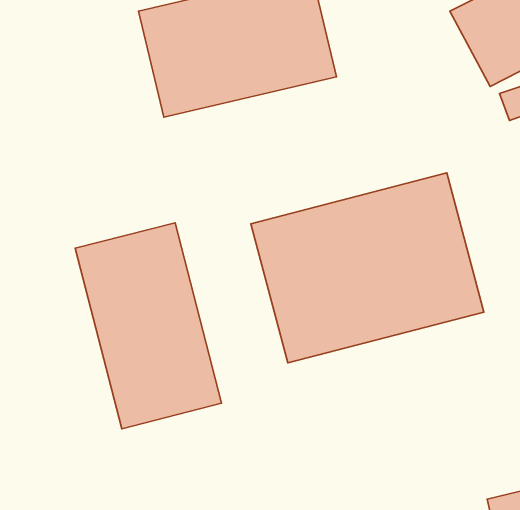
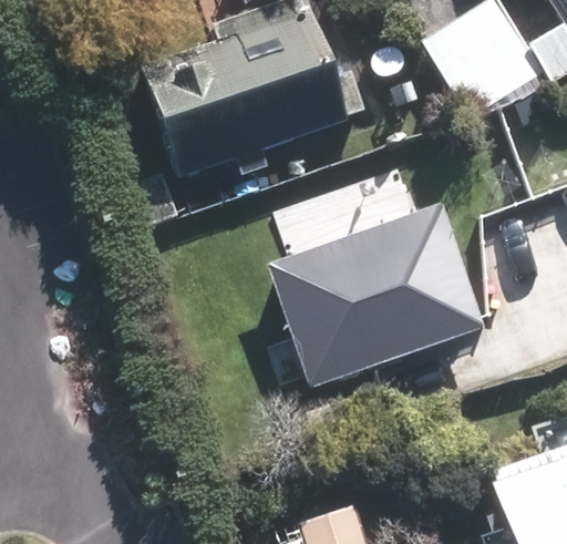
building: [75,223,222,429] -> none

